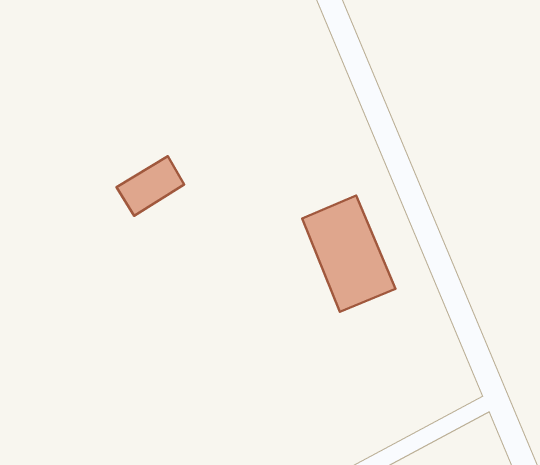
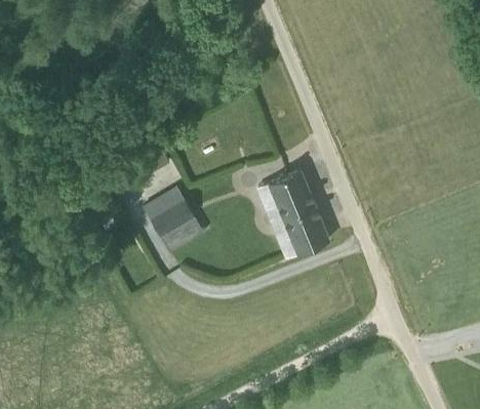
building: none -> [147,191,197,239]

